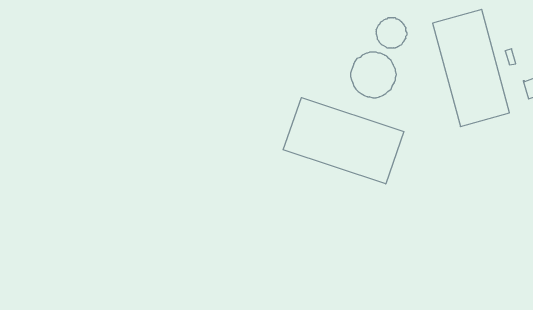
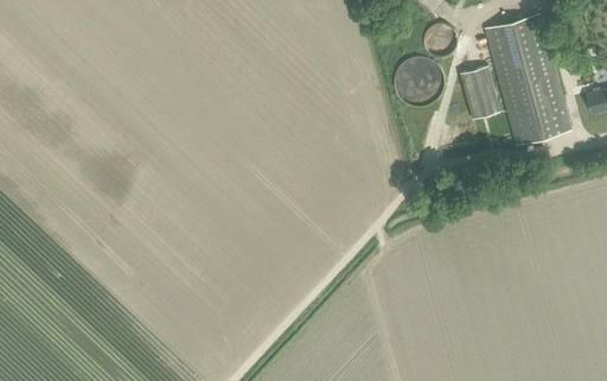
building: none -> [460,65,500,119]
building: [283,98,404,184] -> none

